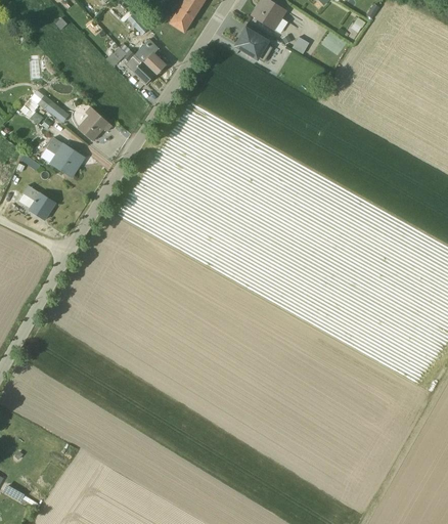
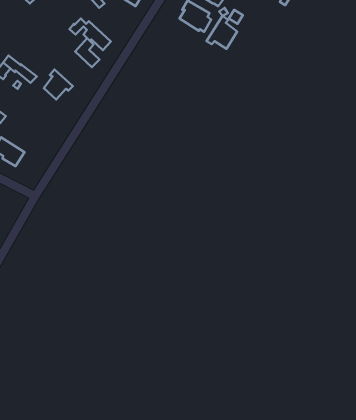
building: [136,40,165,74] -> [75,38,100,67]
building: none -> [207,16,237,49]
building: [41,137,84,177] -> none

